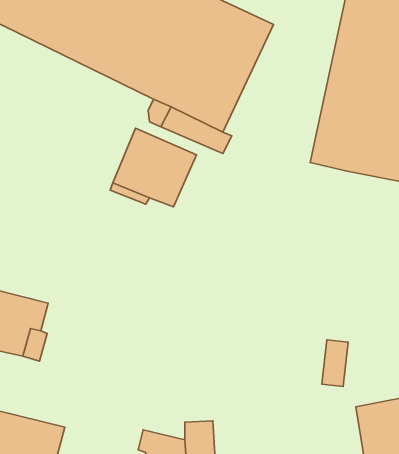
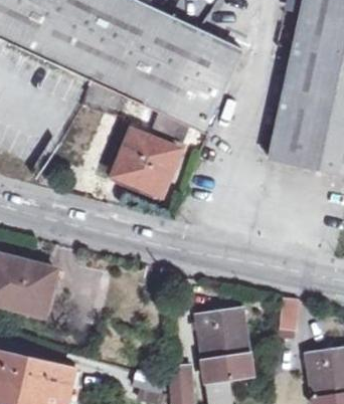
building: none -> [197,309,252,381]

